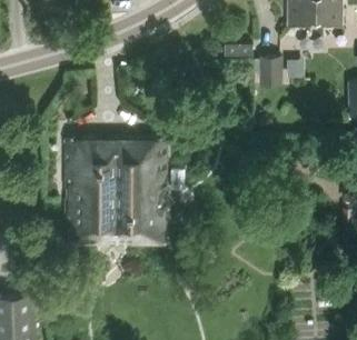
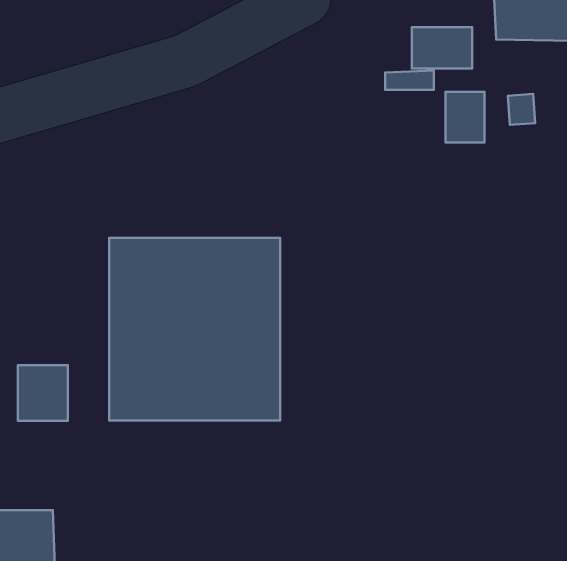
building: none -> [412,27,472,68]
building: none -> [18,365,68,421]

